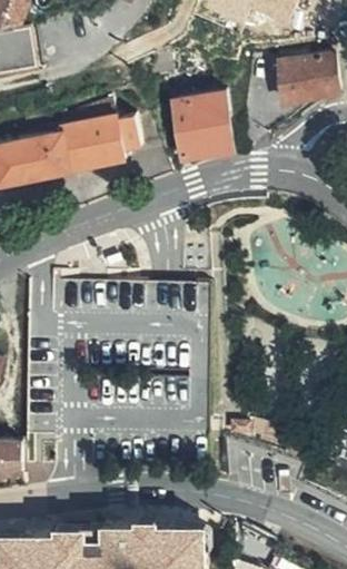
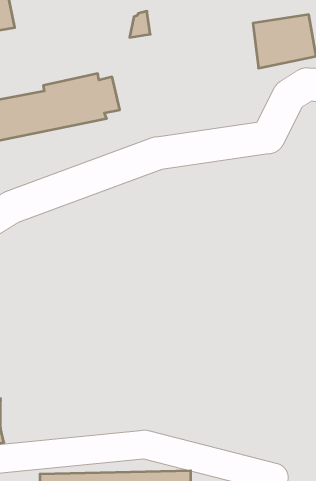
building: [172,90,236,159] -> none

